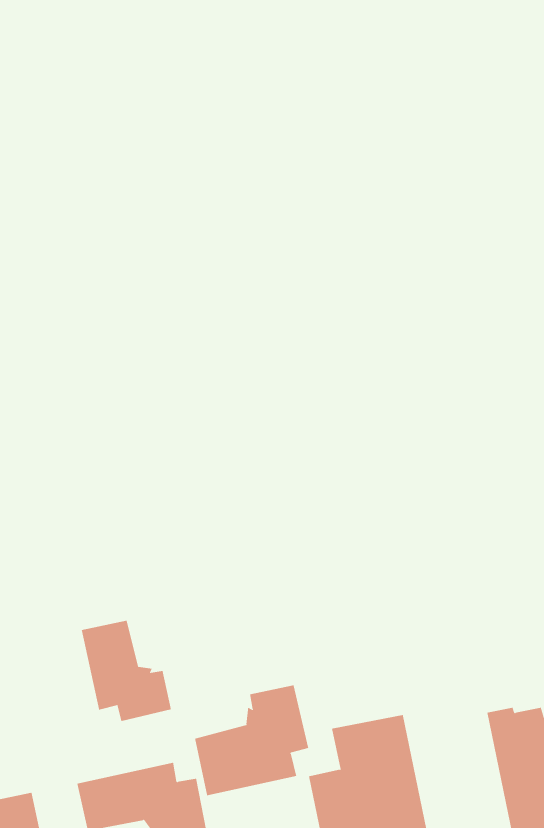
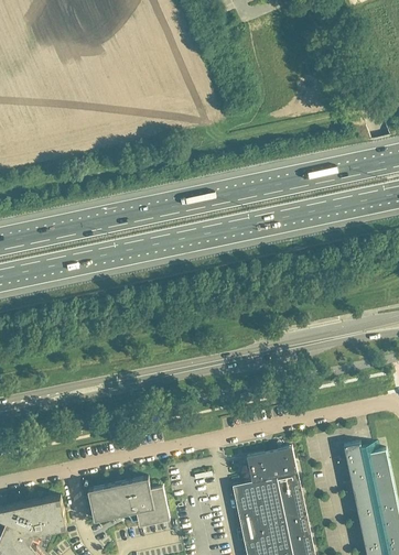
building: [81,620,171,722] -> none
building: [194,684,309,796] -> none

